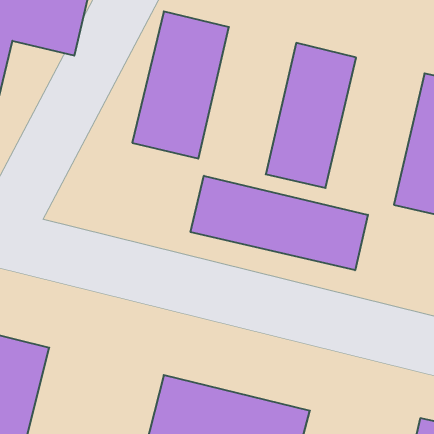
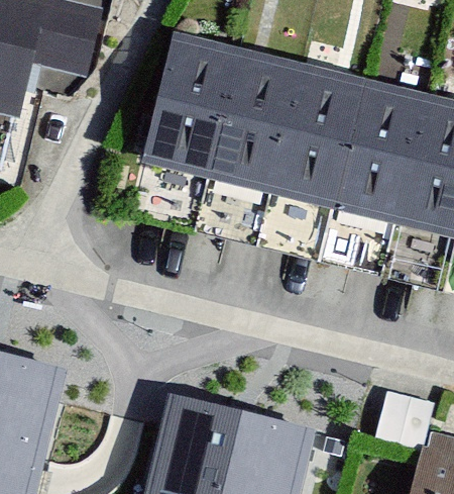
building: none -> [208,54,302,195]
building: none -> [330,83,425,224]
building: [191,176,368,270] -> none

